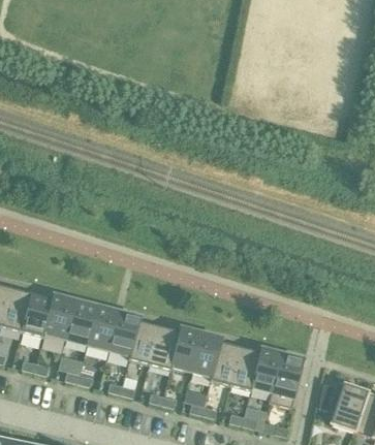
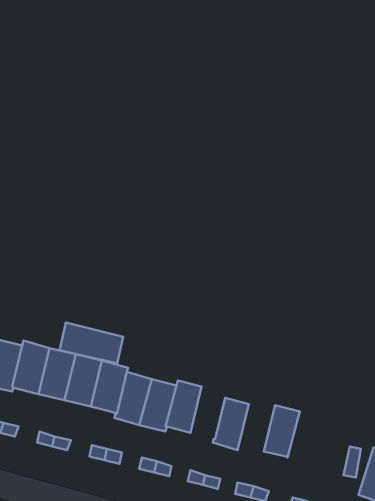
building: none -> [59,322,123,363]
building: [191,331,221,375] -> none
building: [230,346,260,389] -> none
building: [270,352,304,406] -> none

